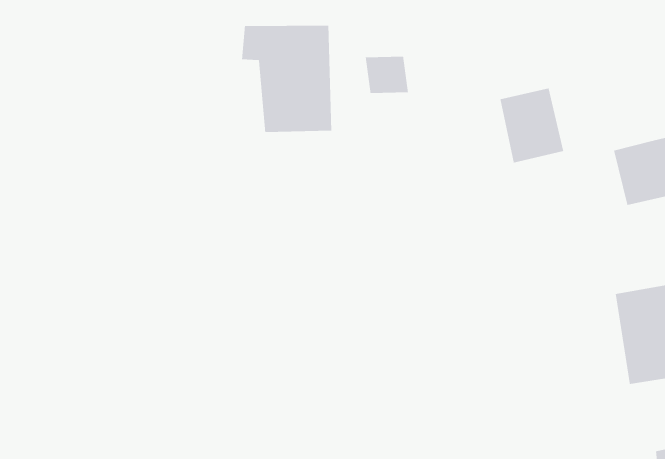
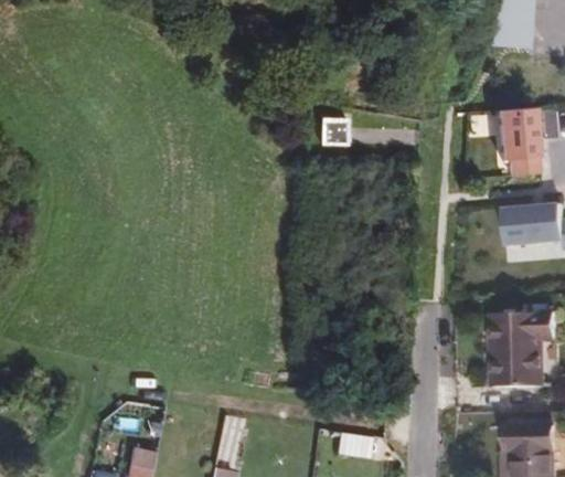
building: [241,25,332,133] -> none
building: [500,87,564,163] -> [499,105,541,157]

